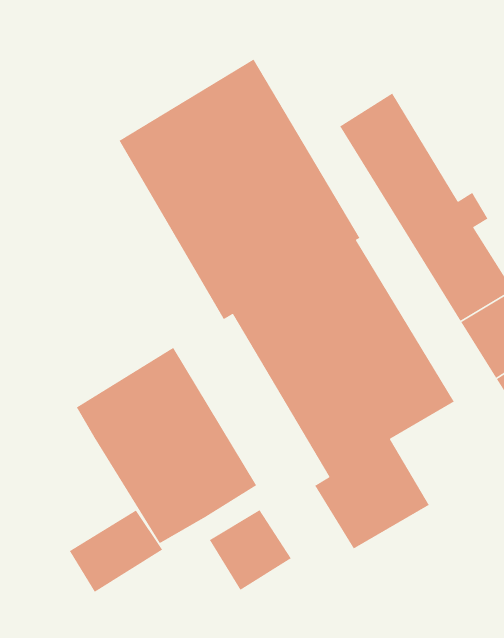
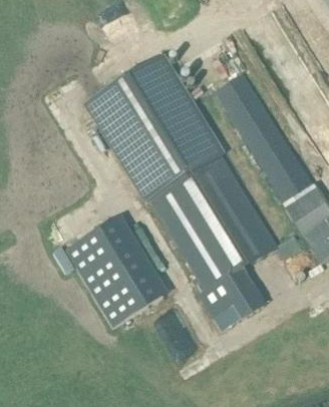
building: [209,509,292,591] -> none
building: [69,510,163,593] -> none

